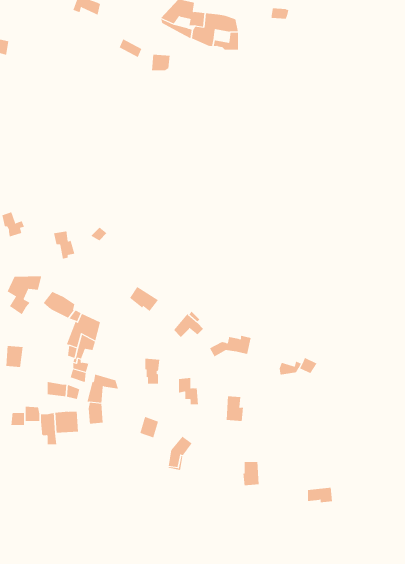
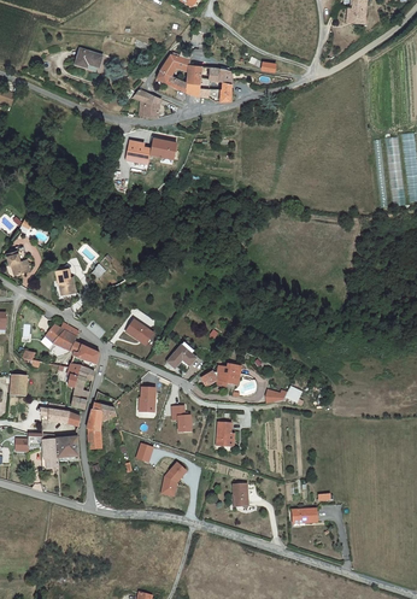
building: none -> [123,137,172,164]
building: [7,275,42,315] -> none

